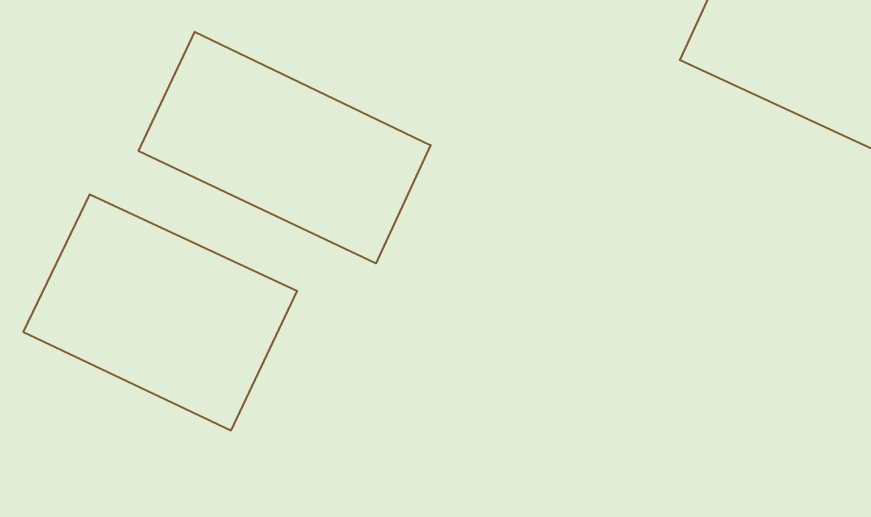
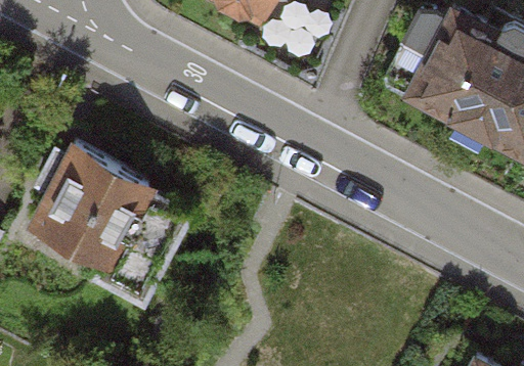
building: [139,32,431,263] -> none

